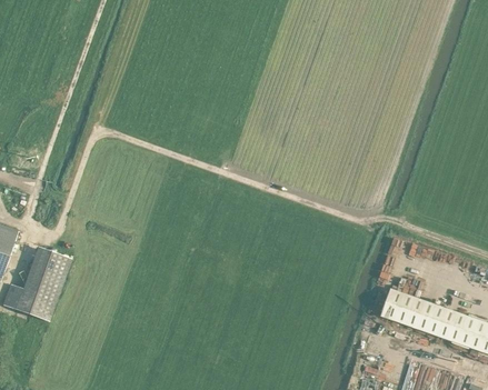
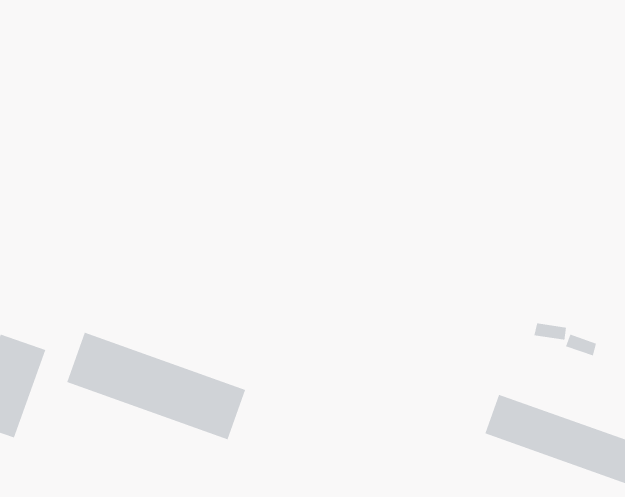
building: none -> [67,332,246,440]

